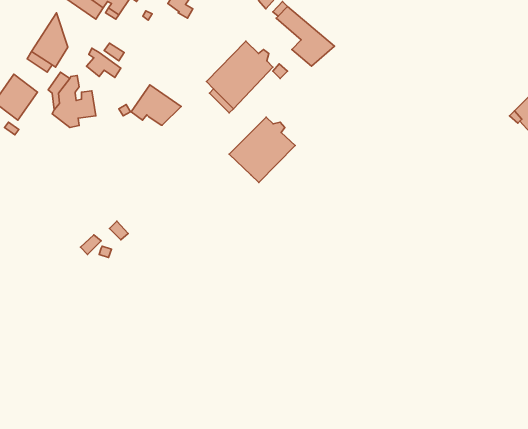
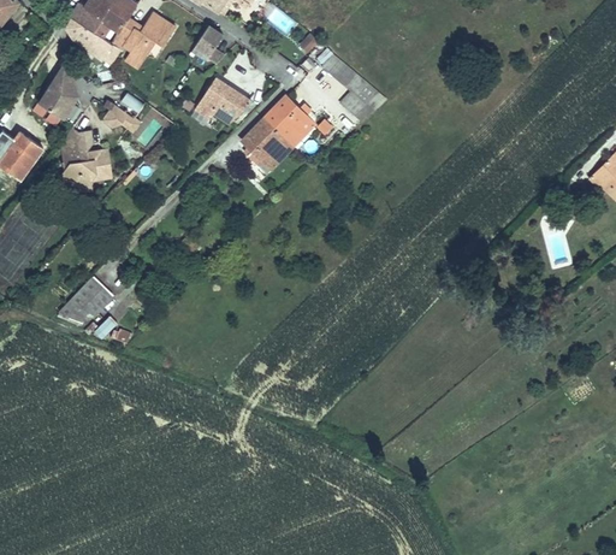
building: [131,85,181,125] -> [194,78,251,125]
building: [229,117,295,183] -> none
building: none -> [55,276,113,325]

